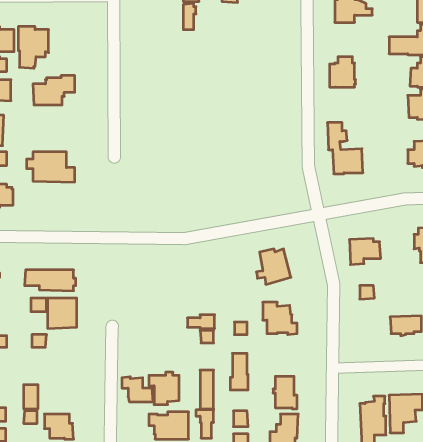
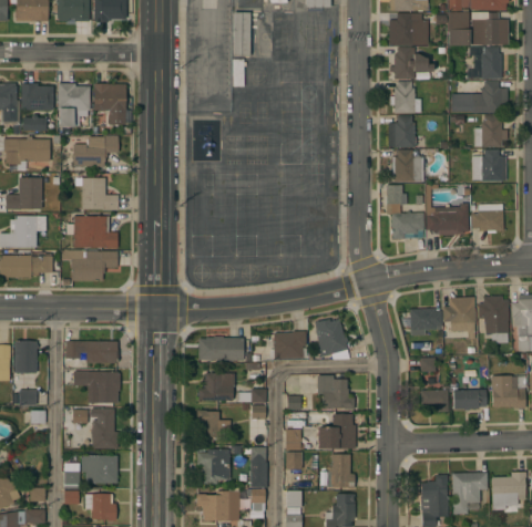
building: none -> [389,82,421,113]
building: none -> [93,84,125,124]
building: none -> [390,149,423,182]
building: none -> [75,178,117,210]
building: none -> [426,202,468,235]
building: none -> [71,251,117,281]
building: none -> [442,297,474,339]
building: none -> [273,331,306,359]
building: none -> [198,337,243,362]
building: none -> [197,373,234,401]
building: none -> [420,385,450,412]
building: none -> [90,409,117,448]
building: none -> [317,414,355,448]
building: [122,377,153,402] -> [196,410,229,436]
building: none -> [81,455,117,484]

